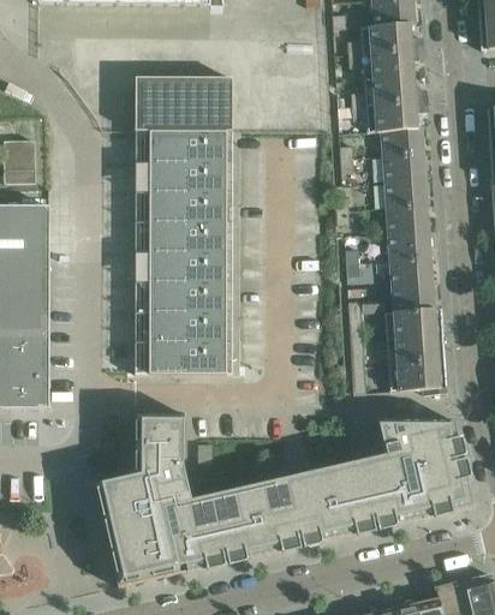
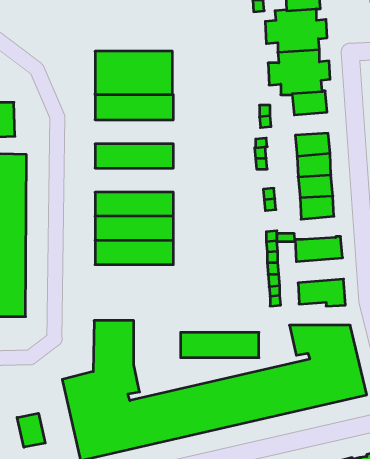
building: [383,151,425,180] -> none
building: [136,161,233,191] -> none
building: [136,221,233,251] -> none
building: [392,281,435,310] -> none
building: [386,333,445,364] -> none
building: [136,341,233,372] -> [181,332,259,358]
building: none -> [17,413,45,447]

